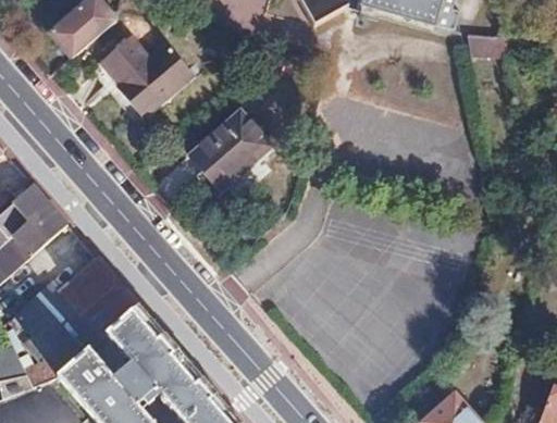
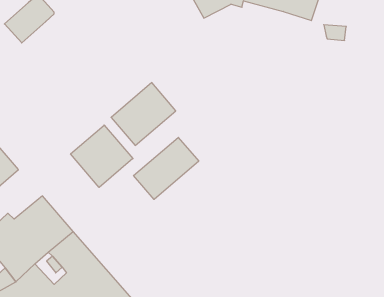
building: [95,34,186,115] -> none
building: none -> [71,125,133,187]
building: none -> [134,137,199,199]

